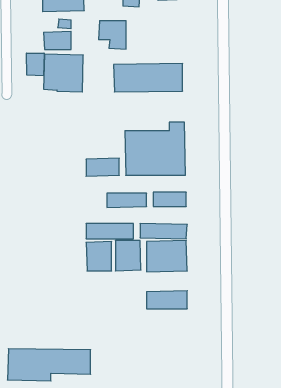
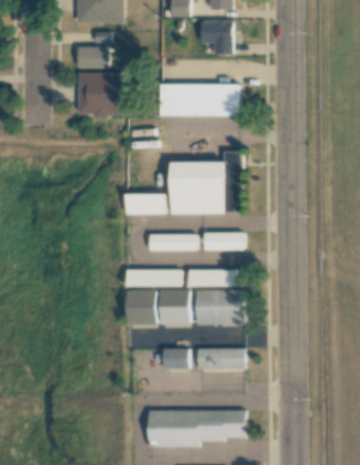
building: [99,21,126,49] -> [200,21,232,54]
building: [27,53,44,76] -> none
building: none -> [163,348,188,368]
building: [7,349,91,381] -> [148,410,244,447]

